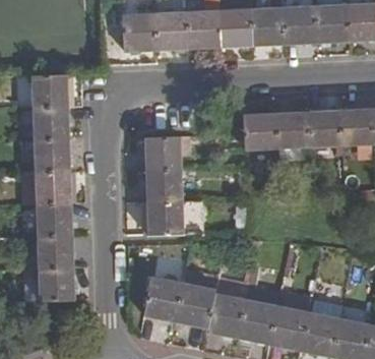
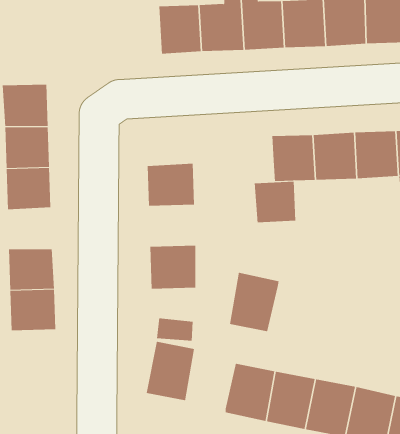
building: [122,12,155,51] -> none
building: none -> [254,181,296,223]
building: [145,168,183,200] -> none
building: [35,170,70,202] -> none
building: [38,265,74,300] -> none
building: [175,281,214,327] -> [229,272,280,332]

